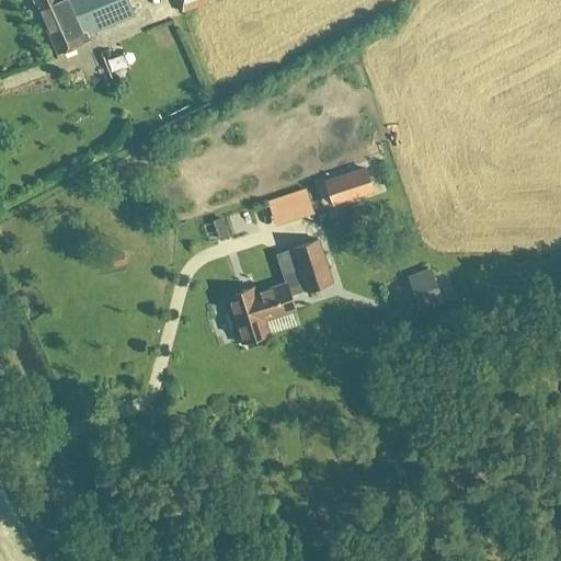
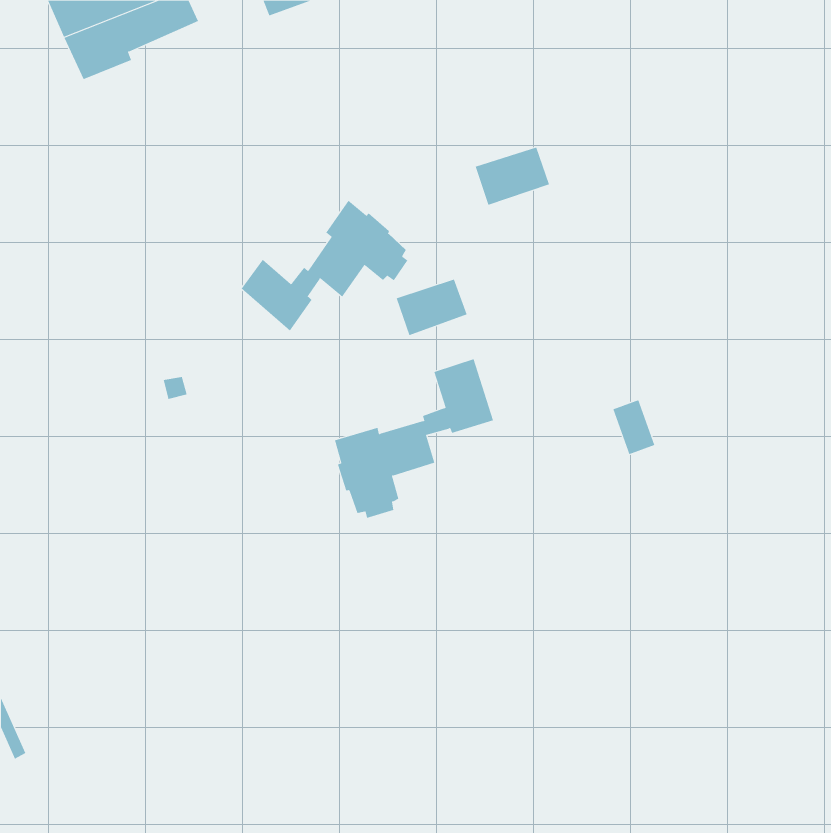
building: none -> [241,200,408,331]
building: [324,167,375,206] -> [475,147,550,206]

